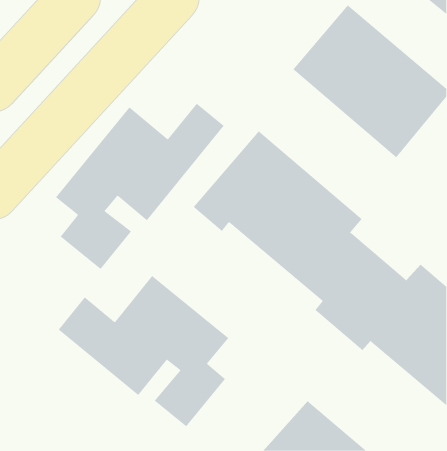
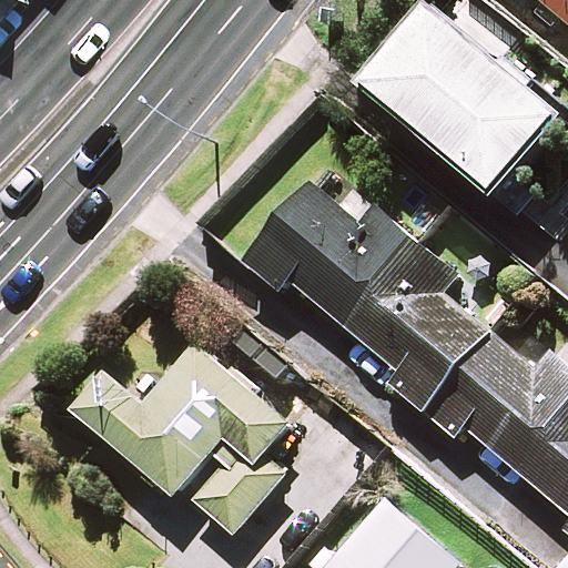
building: [55,103,225,270] -> none

